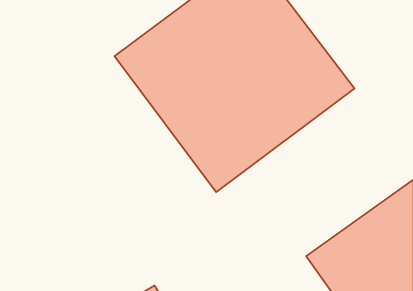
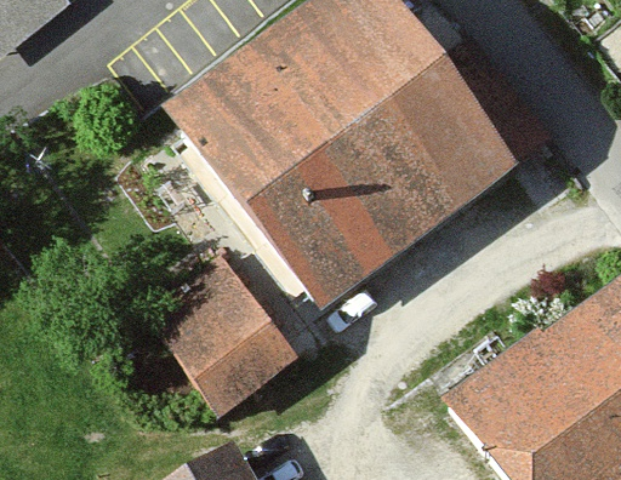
building: none -> [137,251,296,419]

